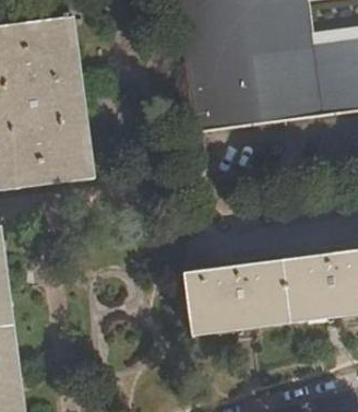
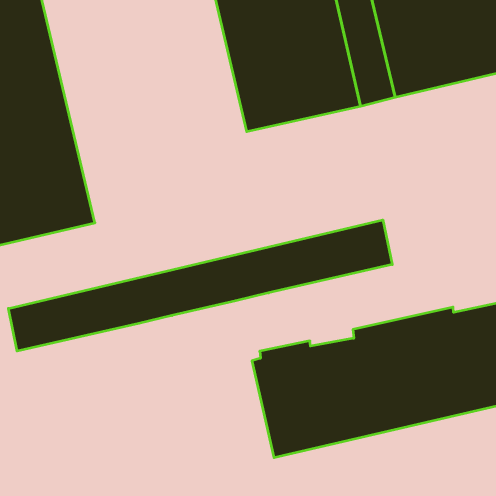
building: none -> [8,220,392,351]

